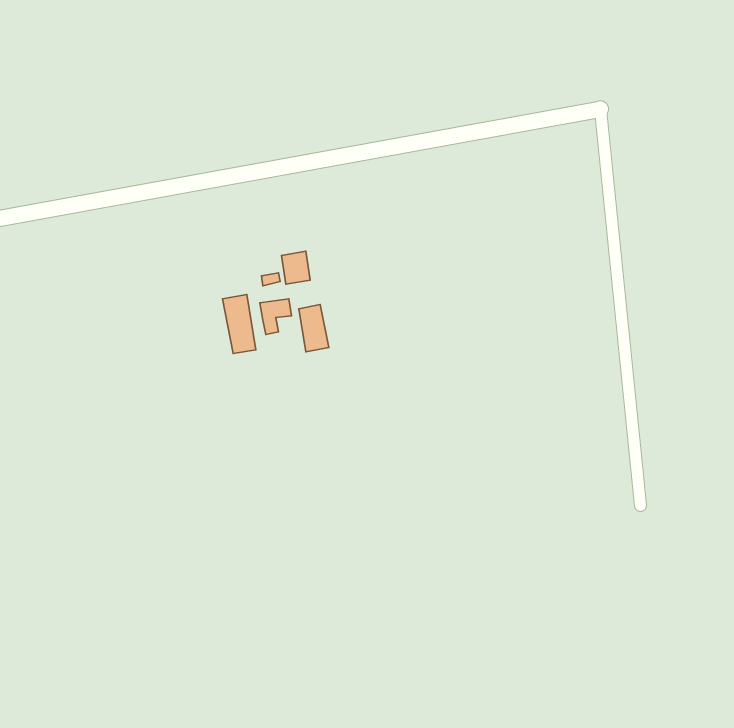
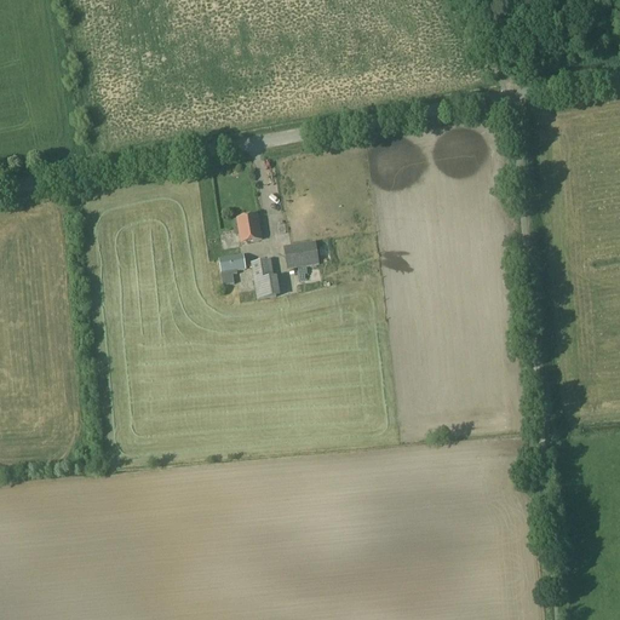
building: none -> [283,239,320,268]
building: [222,294,256,354] -> none

